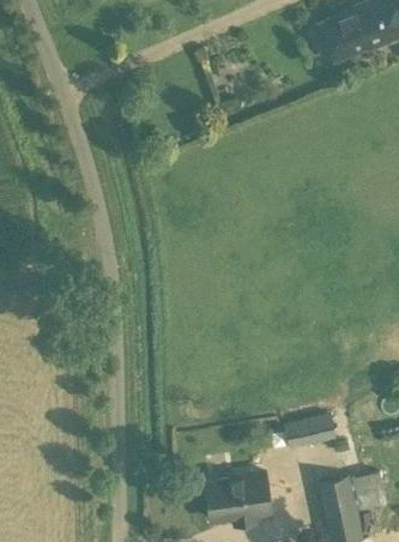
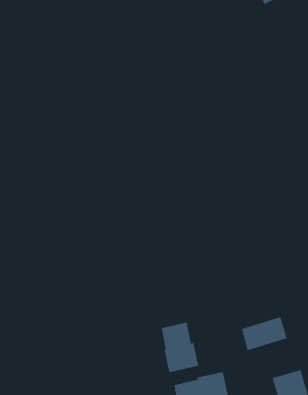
building: none -> [161,321,199,373]

